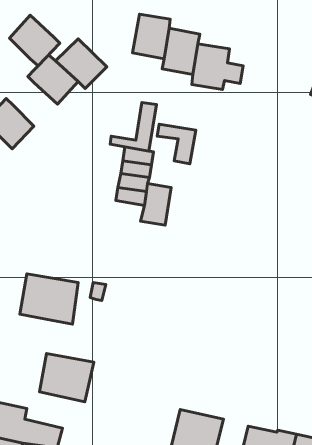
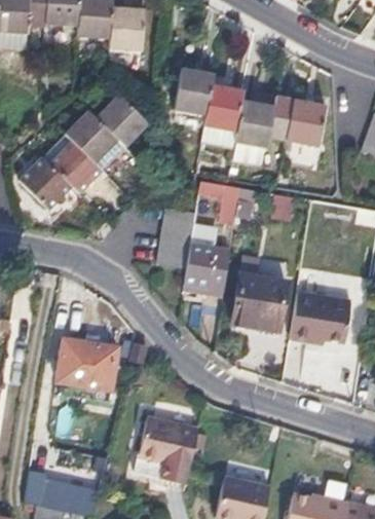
building: [10,15,60,66] -> [51,139,104,191]
building: none -> [274,96,327,145]
building: [110,103,157,151] -> [183,248,231,298]
building: none -> [228,265,283,327]
building: none -> [292,292,351,340]
building: [40,353,94,402] -> [143,418,199,469]

